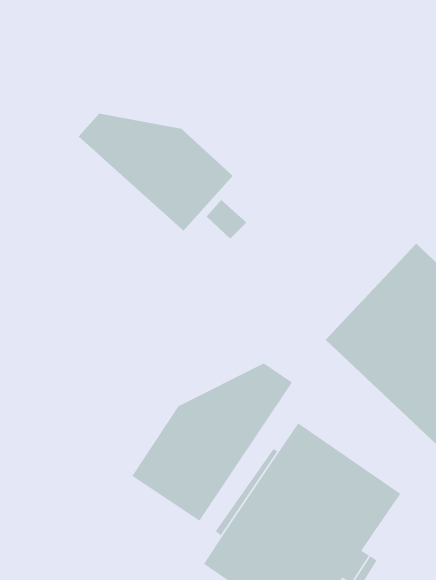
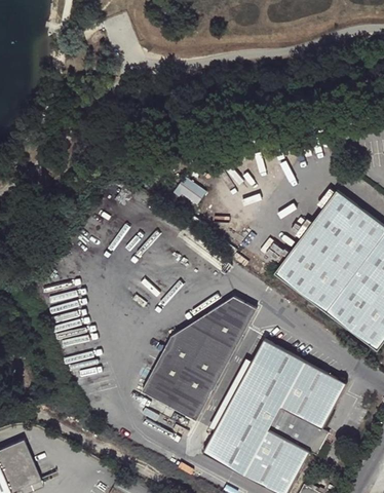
building: [78,113,234,232] -> none

